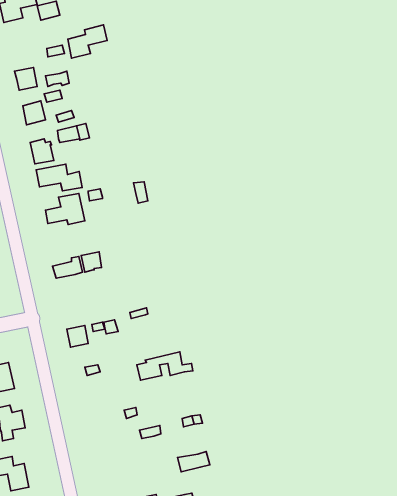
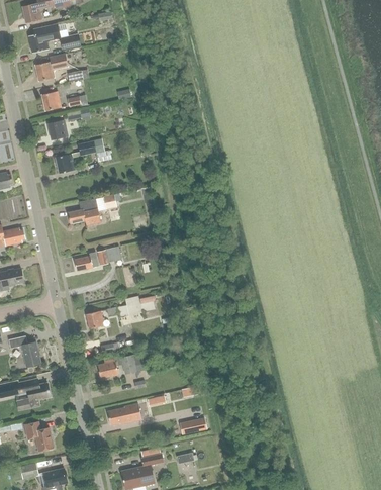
building: [68,25,107,58] -> [34,53,68,81]
building: [36,164,82,191] -> none
building: [137,352,193,380] -> [96,354,144,378]
building: none -> [107,403,140,424]

